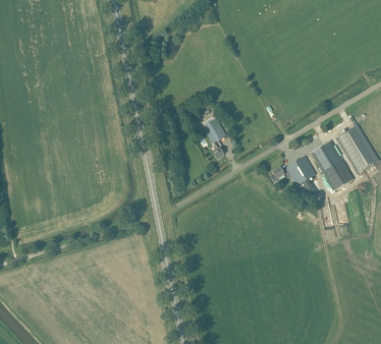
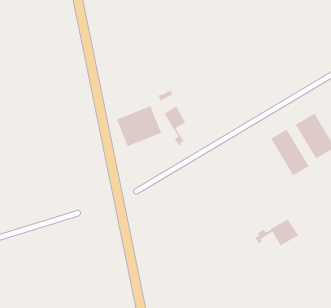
building: none -> [116,105,162,147]
building: [269,157,315,185] -> [254,218,299,246]

